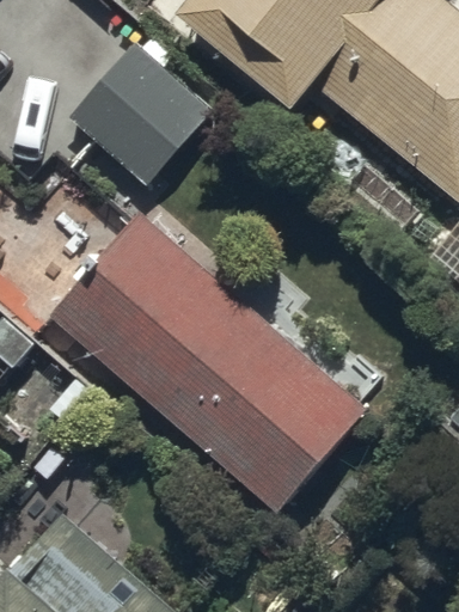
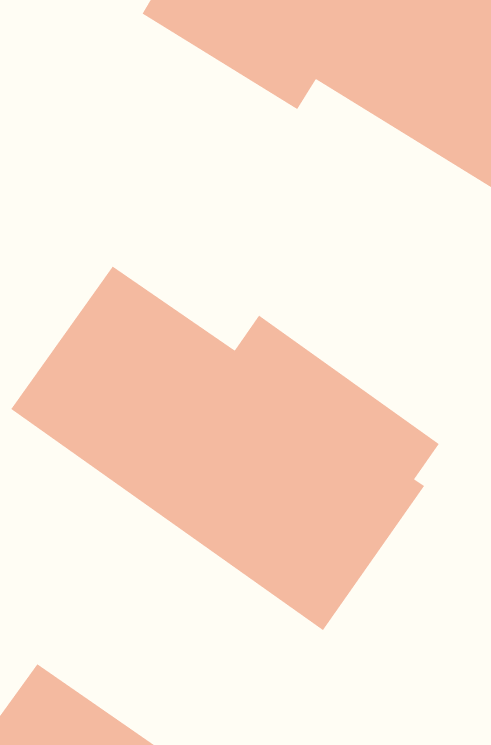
building: [69,53,206,188] -> none

